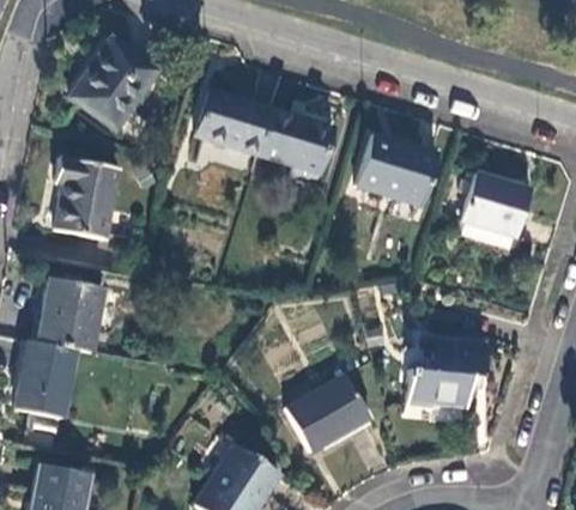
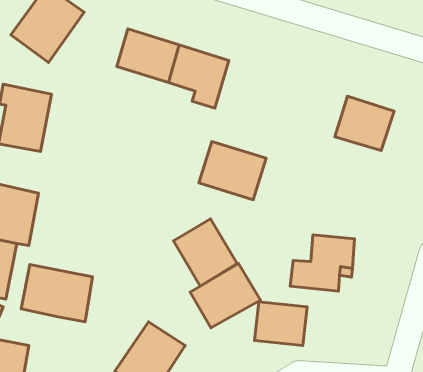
building: [357,134,438,205] -> [199,141,266,200]
building: none -> [173,219,237,286]
building: none -> [21,265,93,322]
building: none -> [254,302,307,345]

